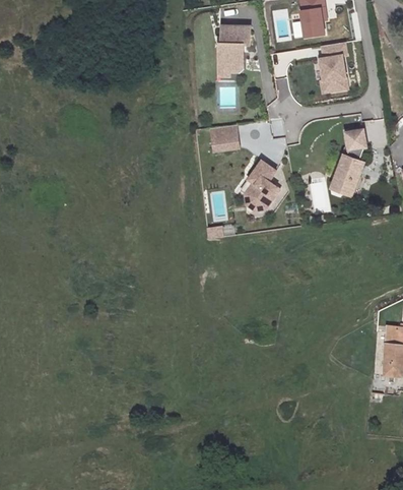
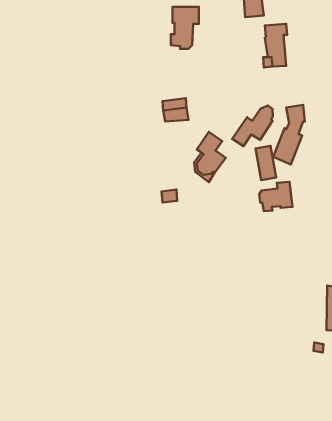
building: none -> [232,106,273,146]
building: none -> [259,182,293,211]

